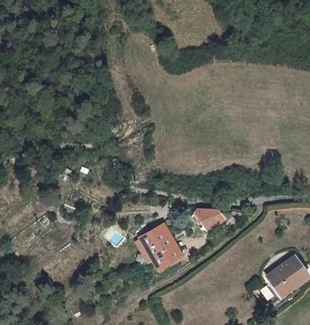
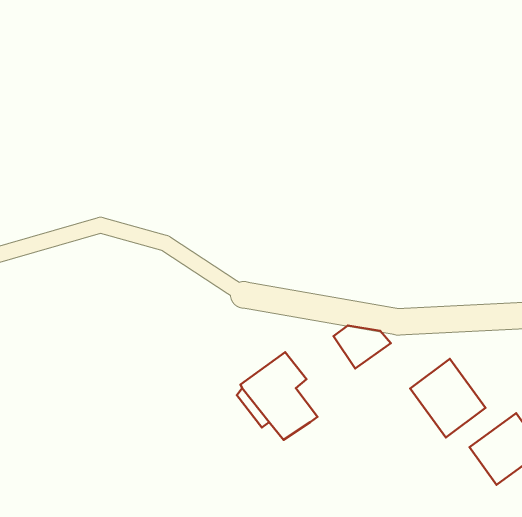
building: none -> [410,359,486,437]

